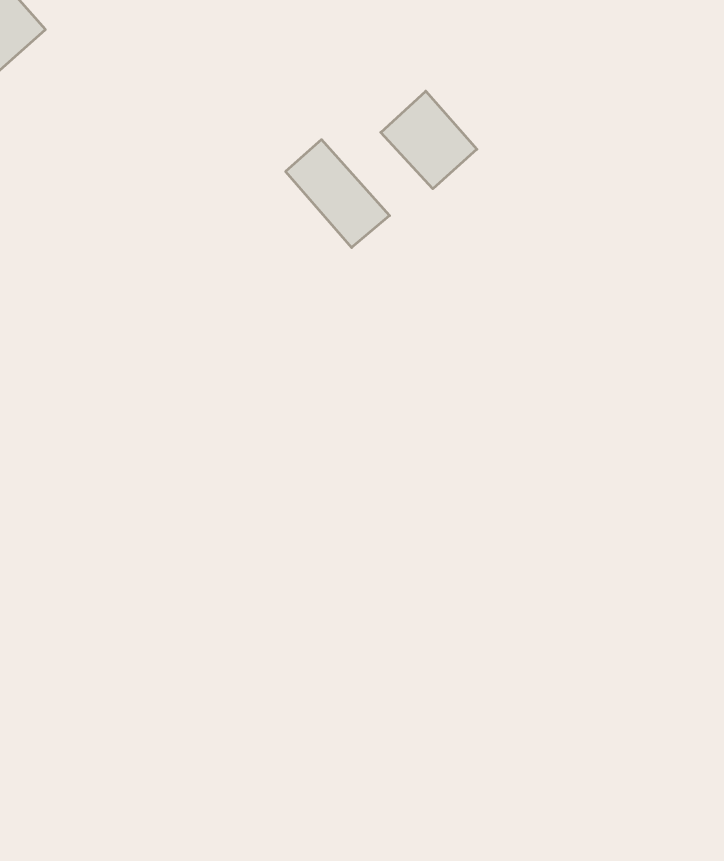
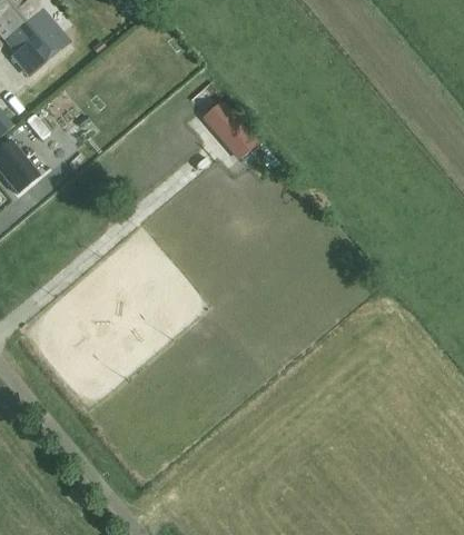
building: [381,91,477,189] -> none

